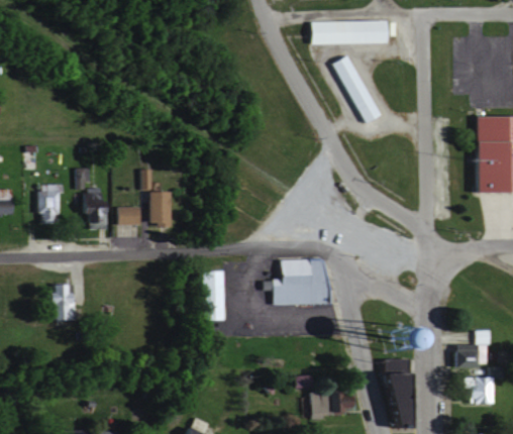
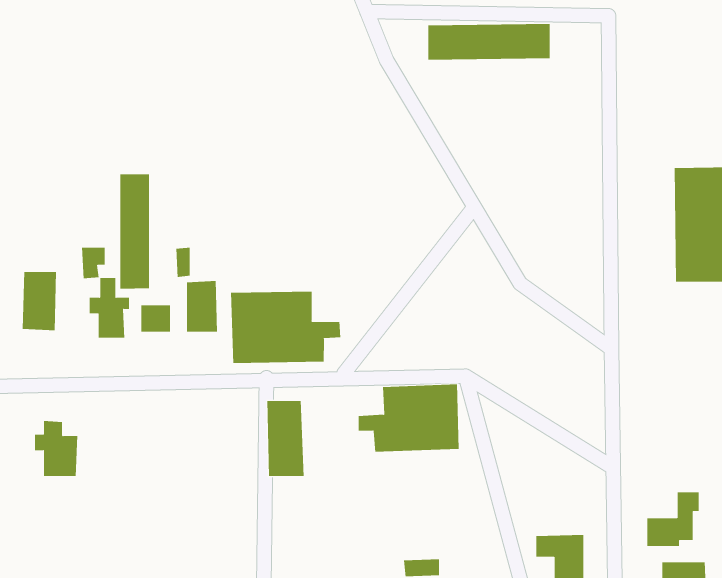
building: [332,55,382,125] -> none
building: none -> [120,173,149,289]
building: none -> [230,291,341,364]

